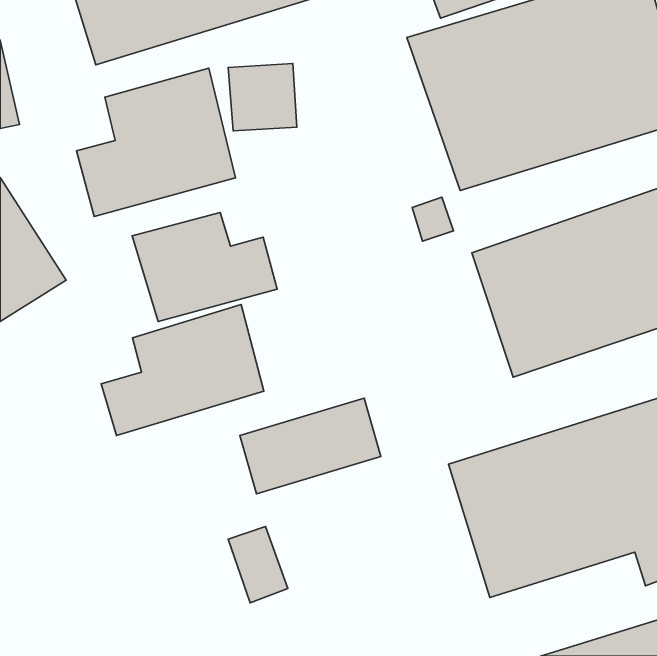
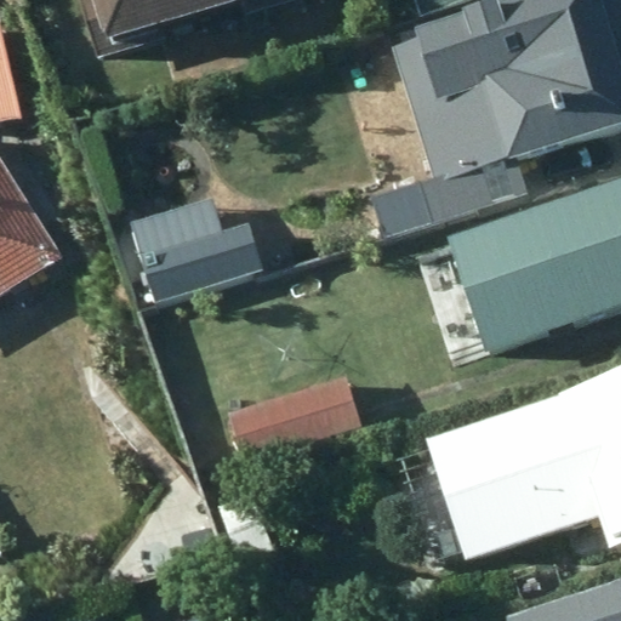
building: [77,68,236,216] -> none
building: [101,304,264,436] -> none

